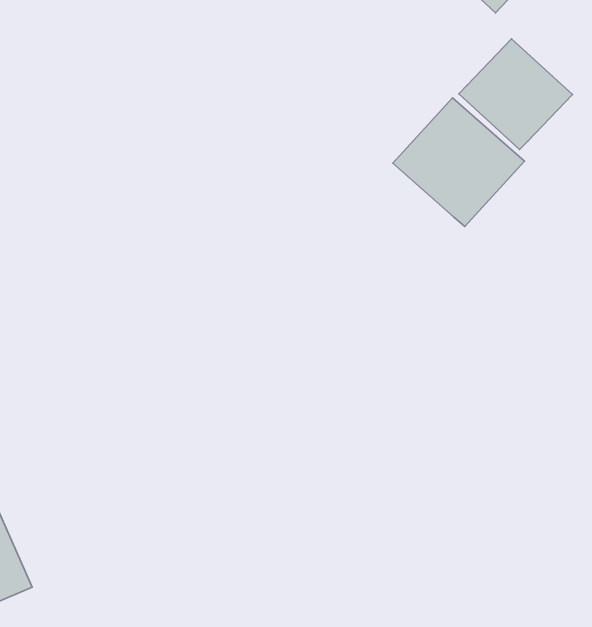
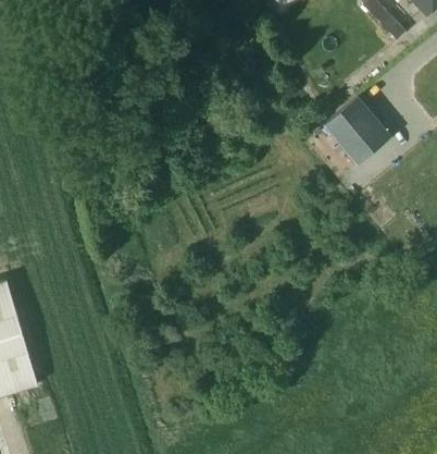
building: [393,98,525,226] -> none

